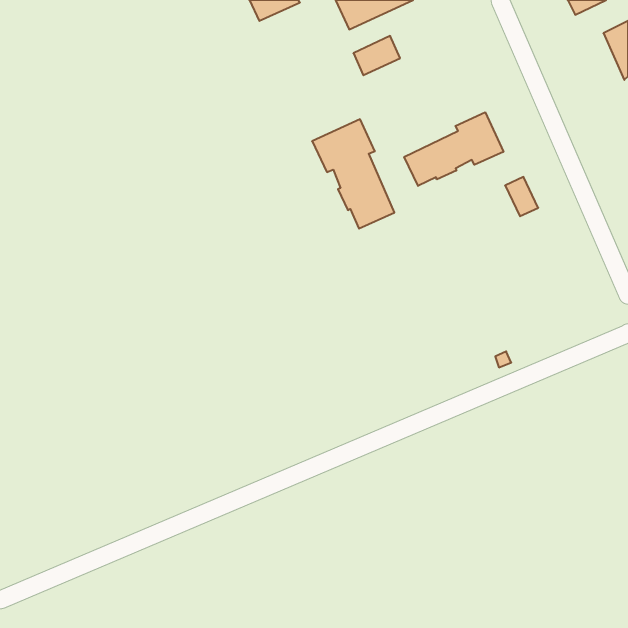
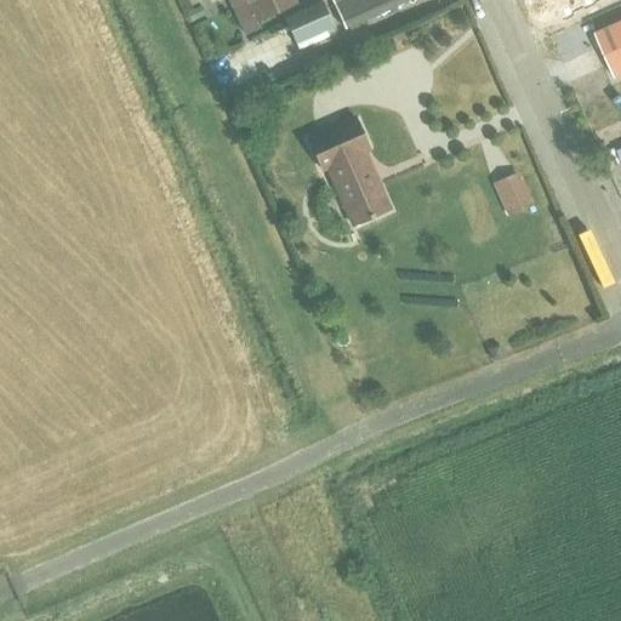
building: [353,36,400,75] -> [287,5,334,44]
building: [404,112,503,186] -> none

